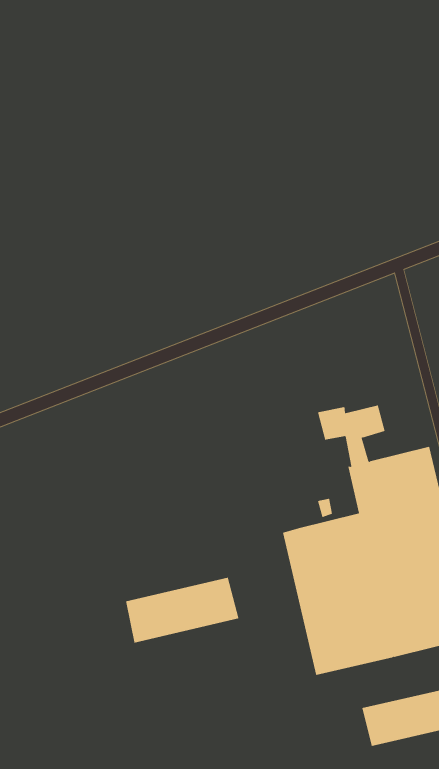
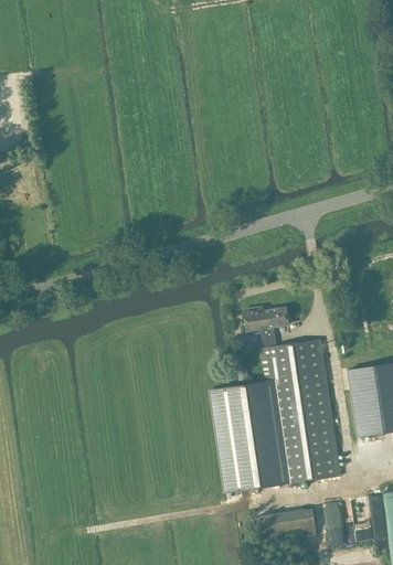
building: [125,577,239,644] -> none

